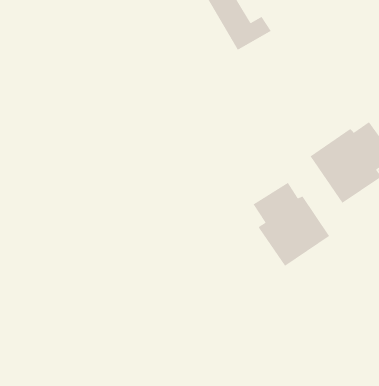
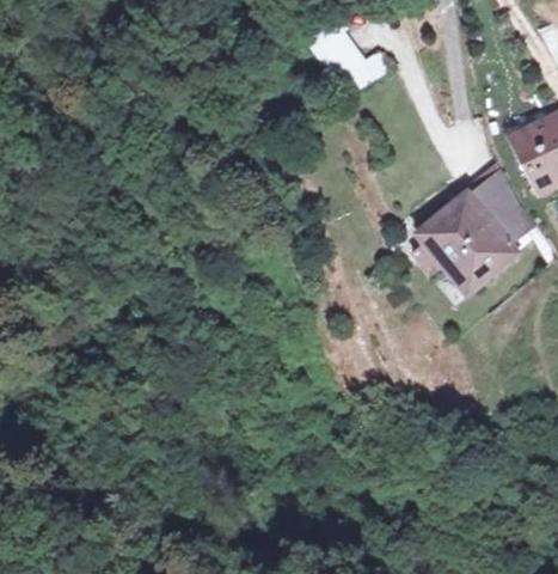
building: [252,182,330,267] -> none

